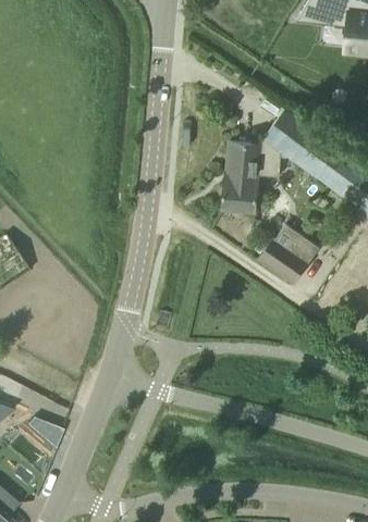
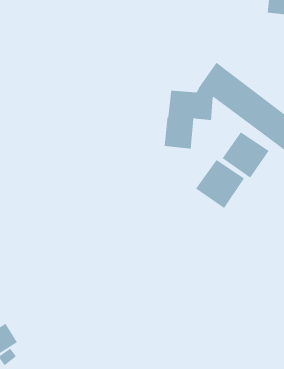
building: none -> [222,132,270,179]

